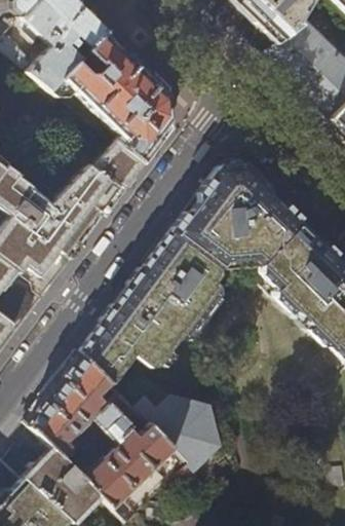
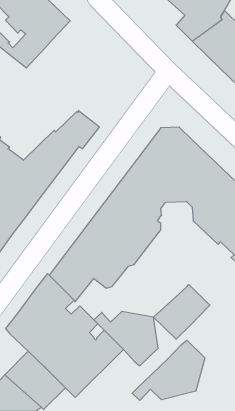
building: [54,27,174,161] -> none
building: none -> [153,285,210,339]
building: none -> [132,340,205,400]

